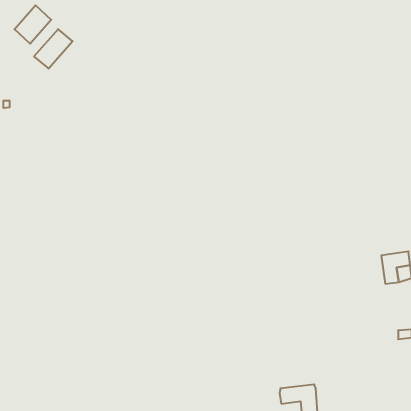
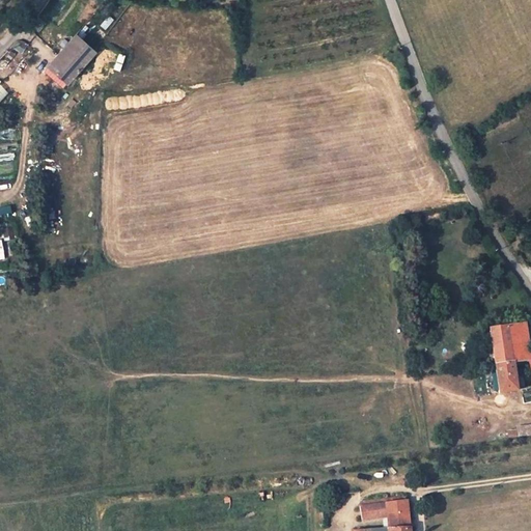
building: [14,5,51,44] -> none
building: none -> [497,364,519,393]

